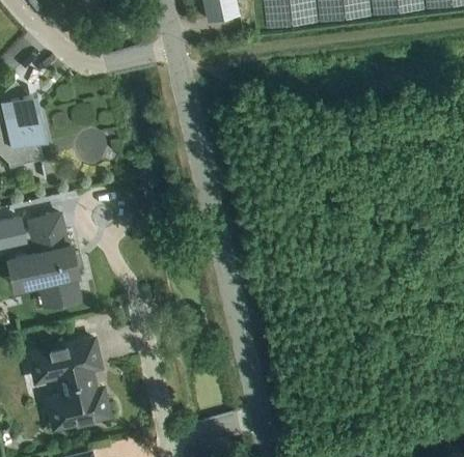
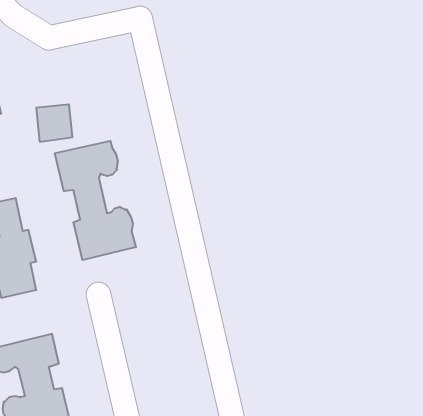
building: none -> [55,141,136,260]

